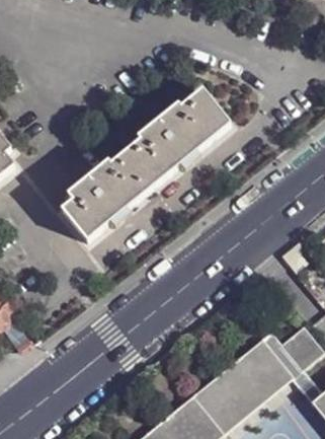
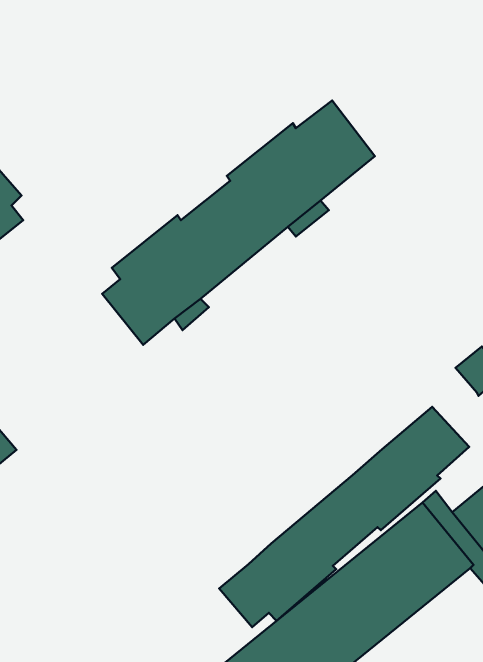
building: none -> [219,407,469,627]

